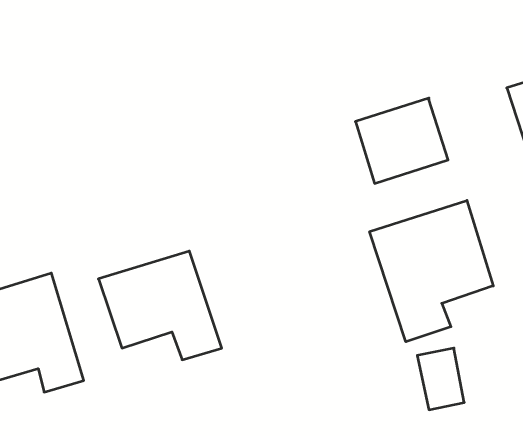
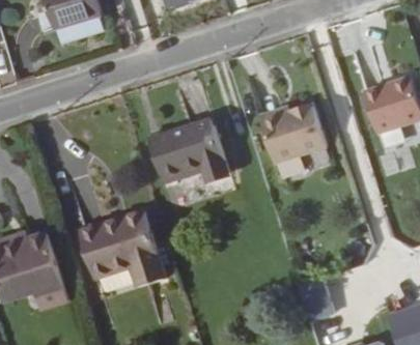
building: none -> [148,118,229,183]
building: [370,200,493,342] -> none

